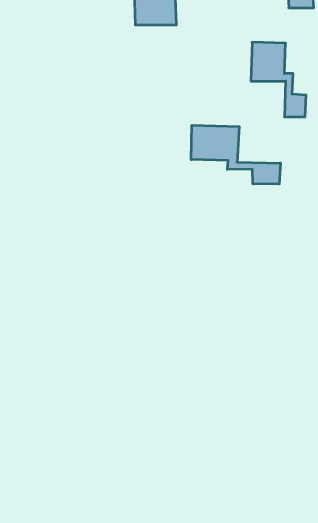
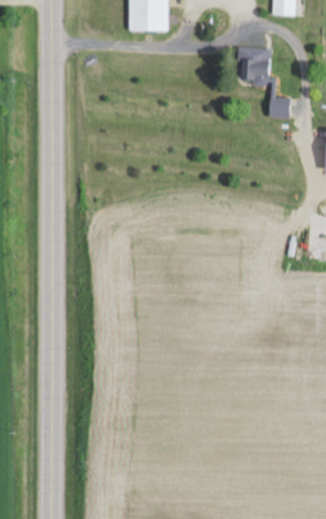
building: [191,125,280,184] -> none

